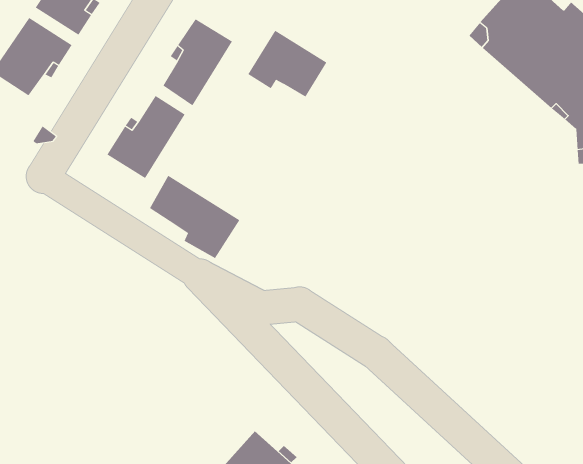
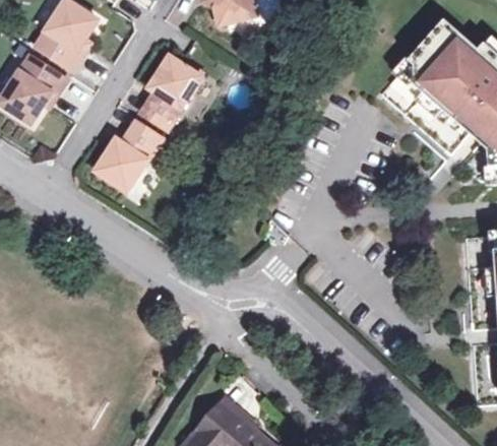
building: [247,30,327,98] -> none
building: [149,175,240,259] -> none

